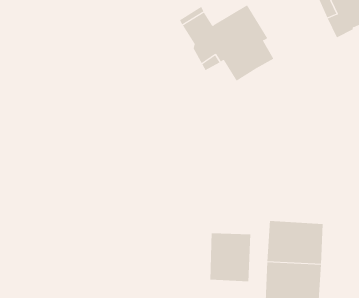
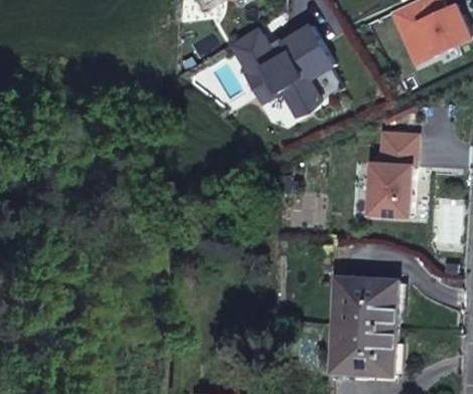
building: none -> [368,133,417,215]
building: [210,233,251,282] -> none

